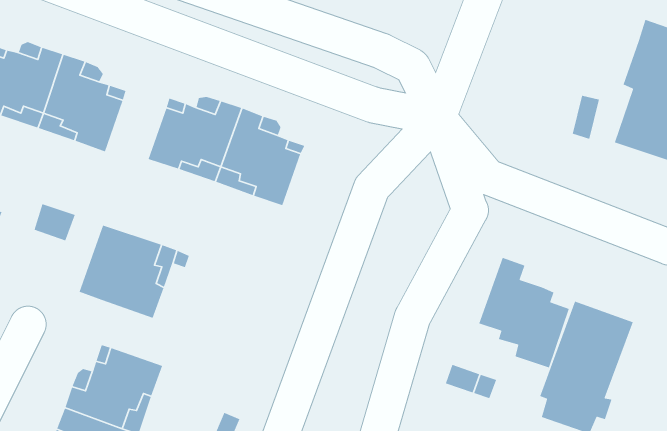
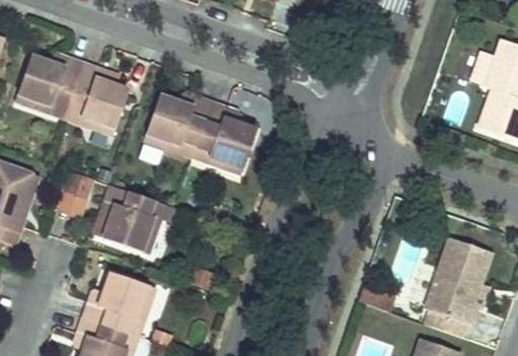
building: [478,257,570,368] -> none

